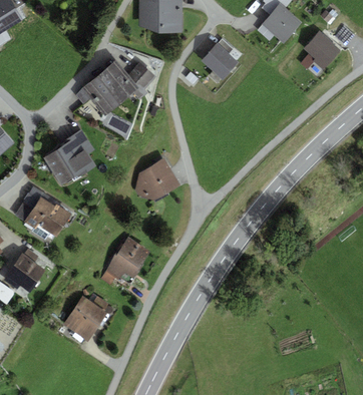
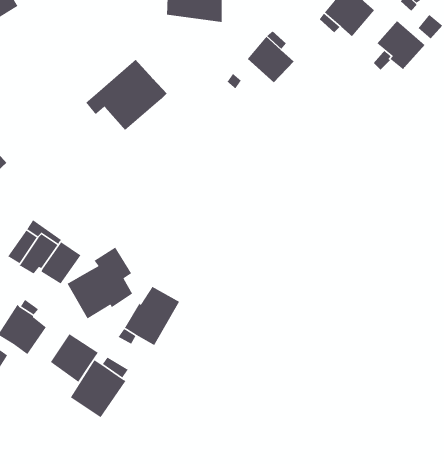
building: [127,62,154,99] -> none
building: [43,128,95,185] -> [67,246,133,320]
building: [134,157,179,201] -> none
building: none -> [50,333,99,383]

